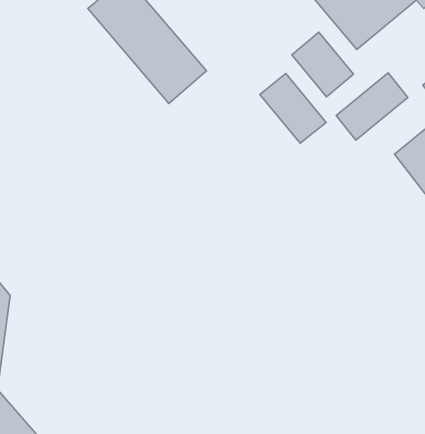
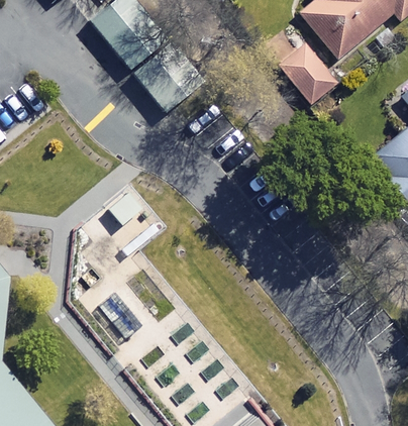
building: [336,73,408,140] -> none
building: [260,74,326,143] -> none

